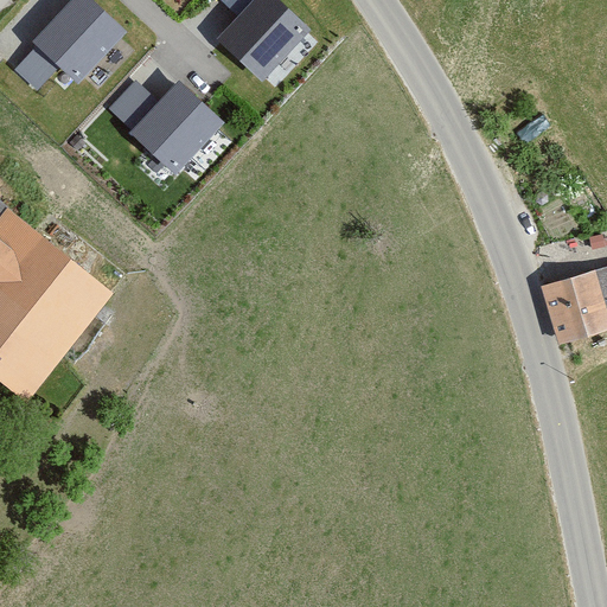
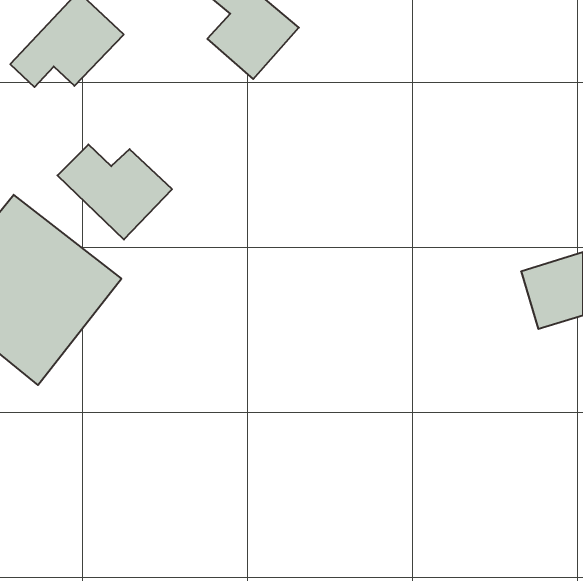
building: [102,78,221,177] -> [57,144,172,240]

